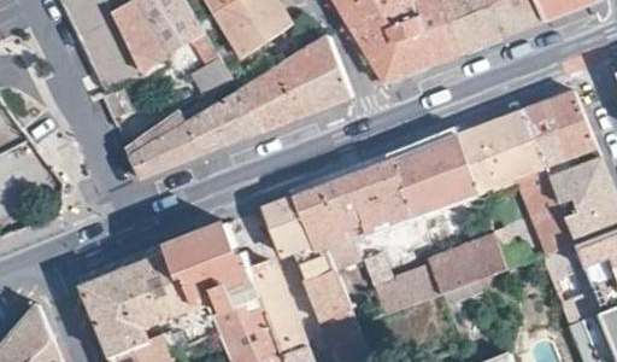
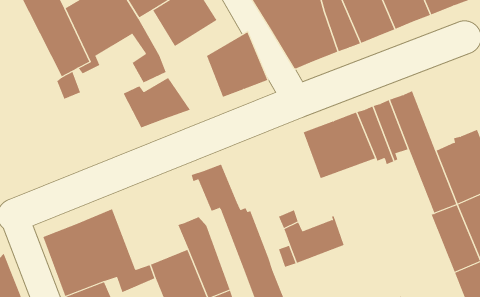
building: [233,68,296,132] -> none
building: [522,90,595,180] -> none
building: [121,111,200,180] -> none
building: [295,158,412,250] -> none
building: [164,221,255,321] -> none
building: [429,233,509,292] -> none

